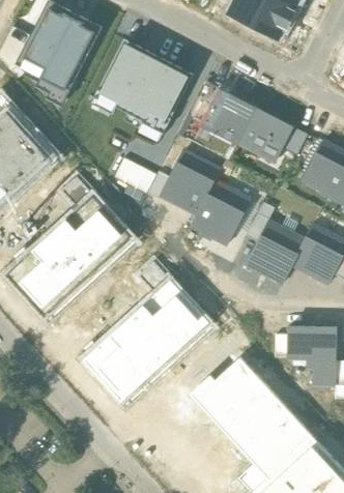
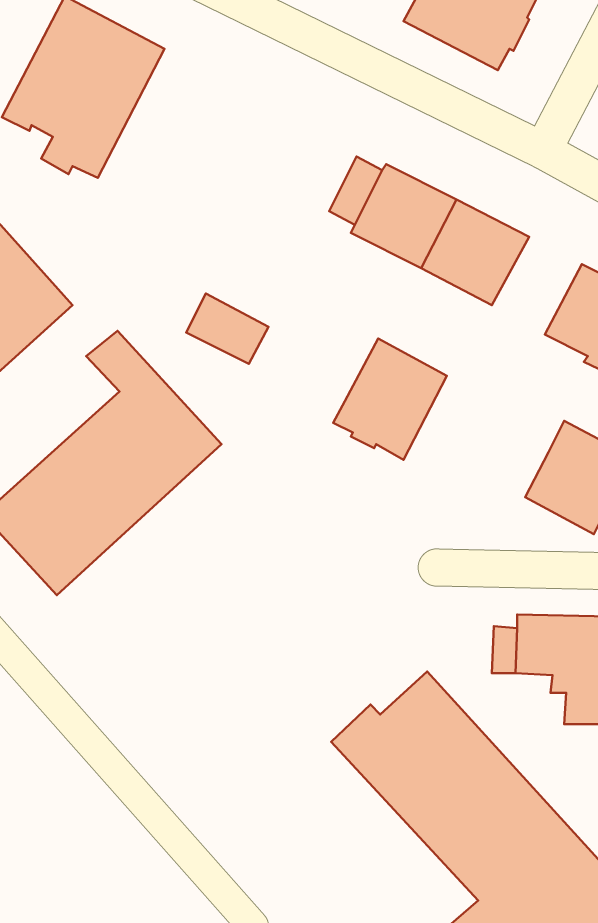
building: [94,38,194,132] -> none
building: [161,150,220,213] -> none
building: [246,221,305,282] -> none
building: [83,261,209,402] -> none

